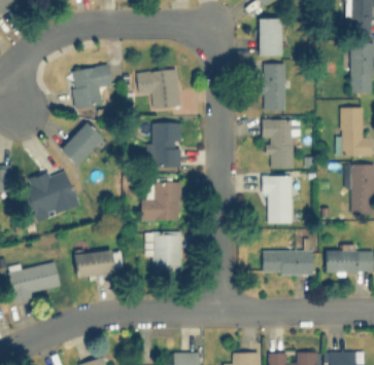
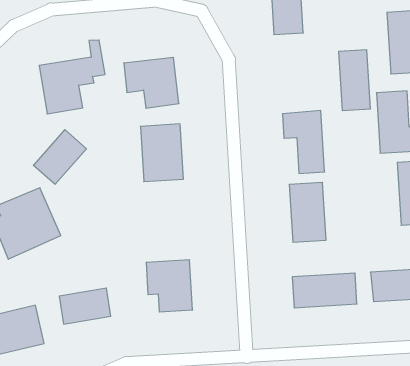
building: [262,64,284,111] -> [339,50,370,111]
building: [143,182,179,220] -> none

